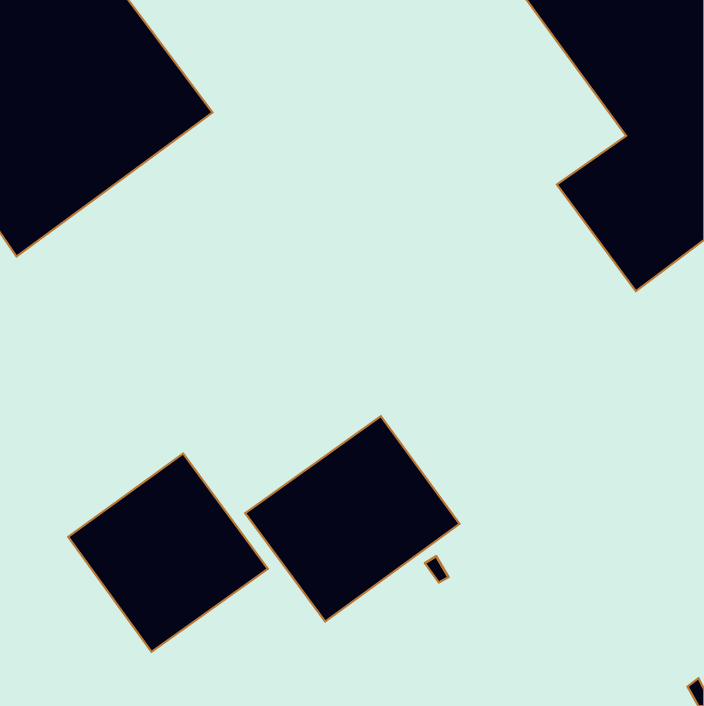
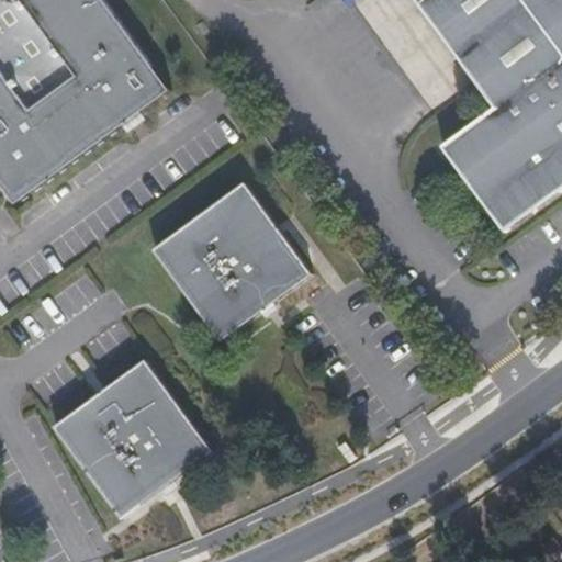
building: none -> [153,181,310,340]
building: [245,416,459,621] -> none

